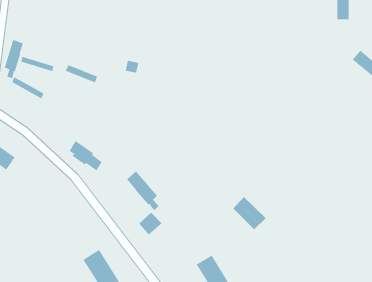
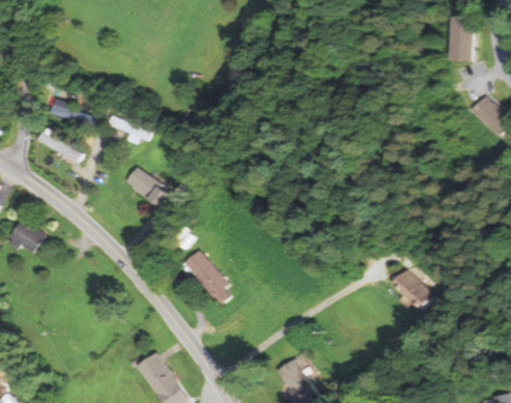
building: [4,39,23,79] -> none
building: [69,140,103,171] -> [126,167,170,206]
building: [232,196,266,230] -> [390,268,433,312]
building: [138,212,162,235] -> none

